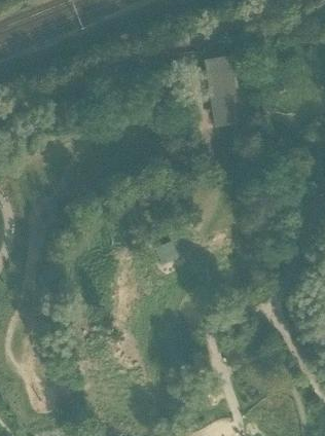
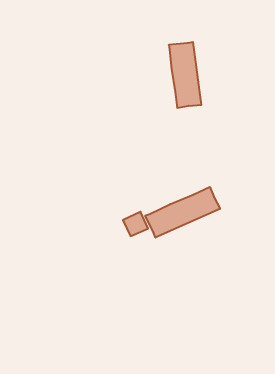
building: none -> [145,187,220,238]

